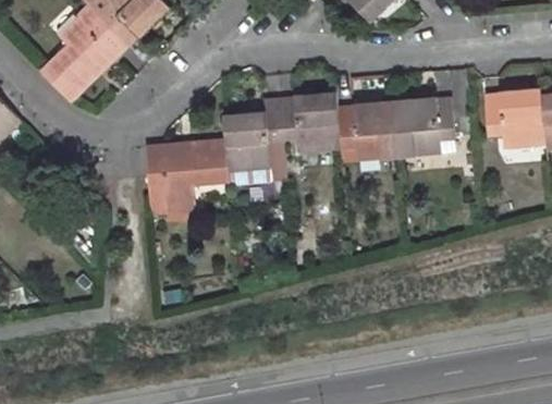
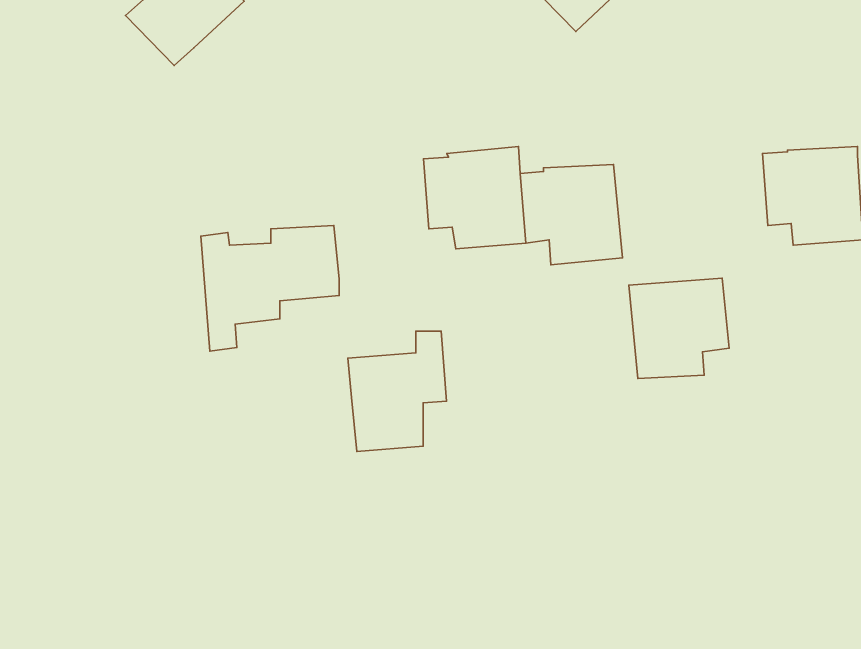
building: [40,11,128,97] -> none
building: [395,97,456,158] -> [629,278,729,379]
building: [223,98,283,171] -> [348,331,446,451]

